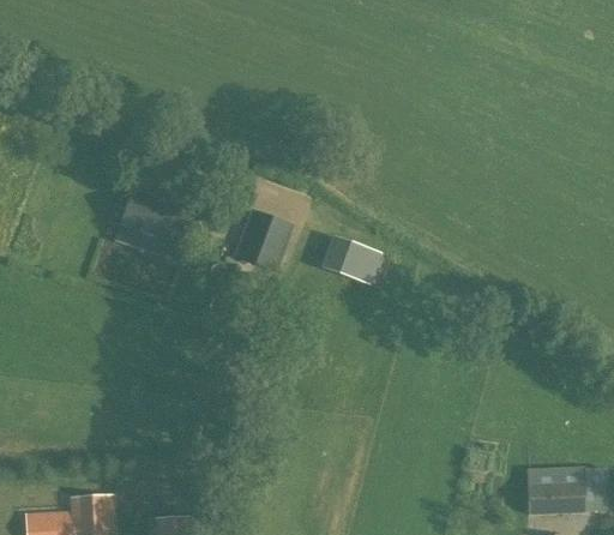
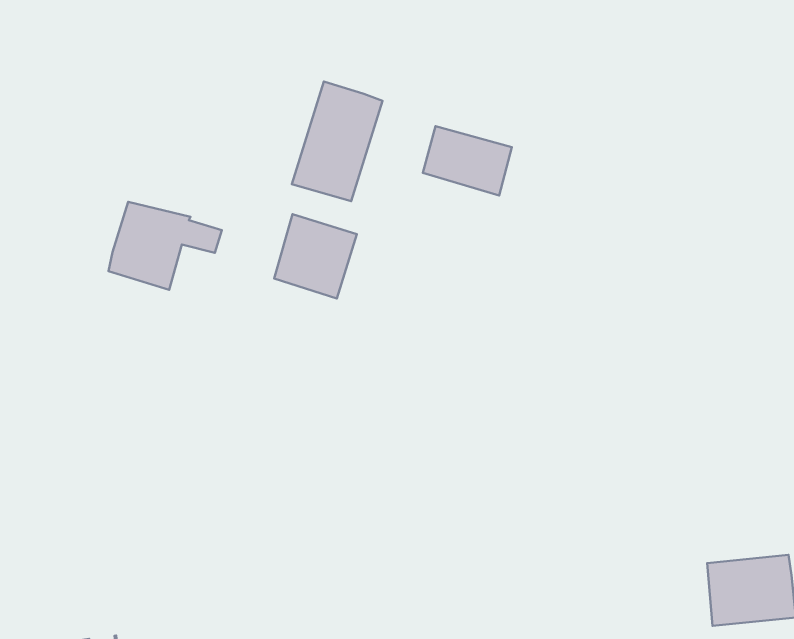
building: none -> [292,82,383,201]
building: [320,232,384,283] -> [423,126,512,196]

